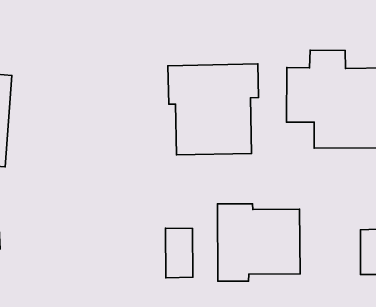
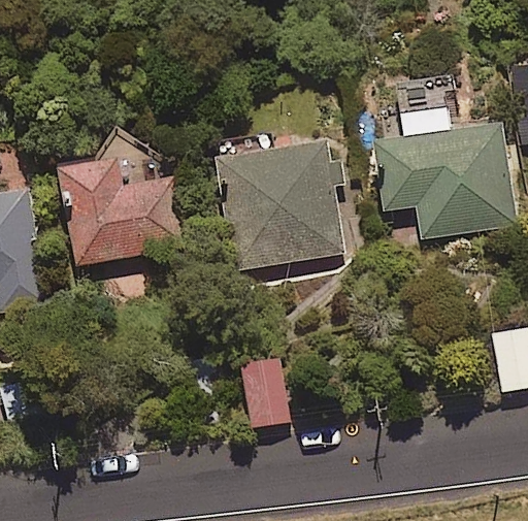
building: none -> [57,158,180,254]
building: [217,204,300,281] -> none

